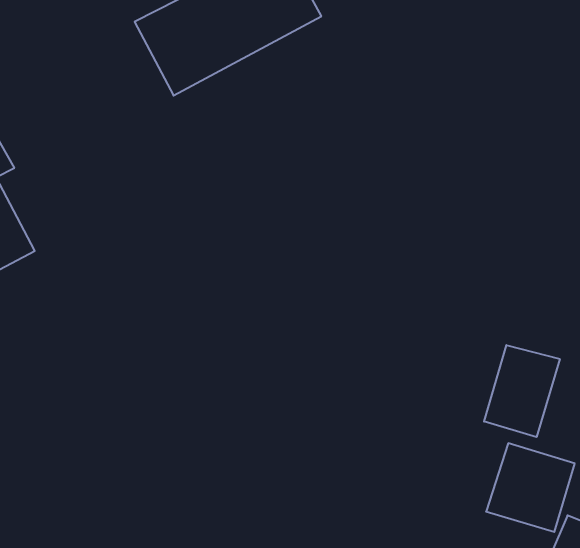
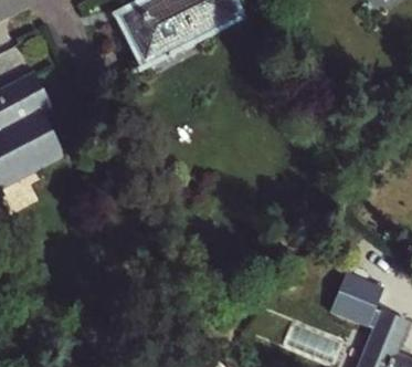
building: [484,345,560,437] -> none

